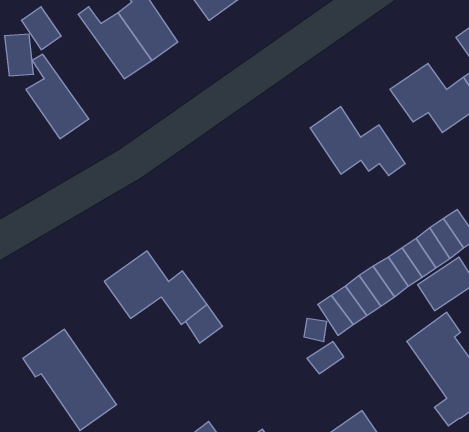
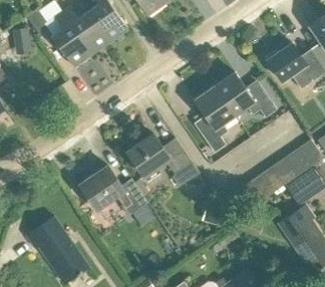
building: [26,54,89,139] -> [51,11,92,66]
building: none -> [194,85,234,153]
building: none -> [126,133,199,186]

